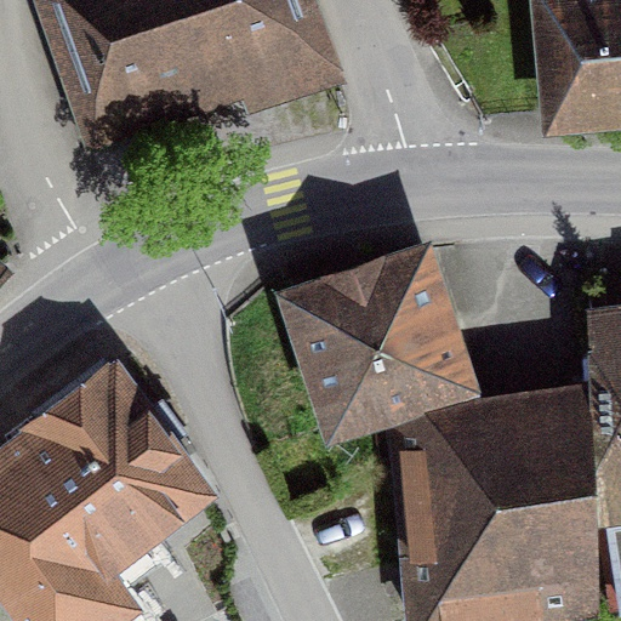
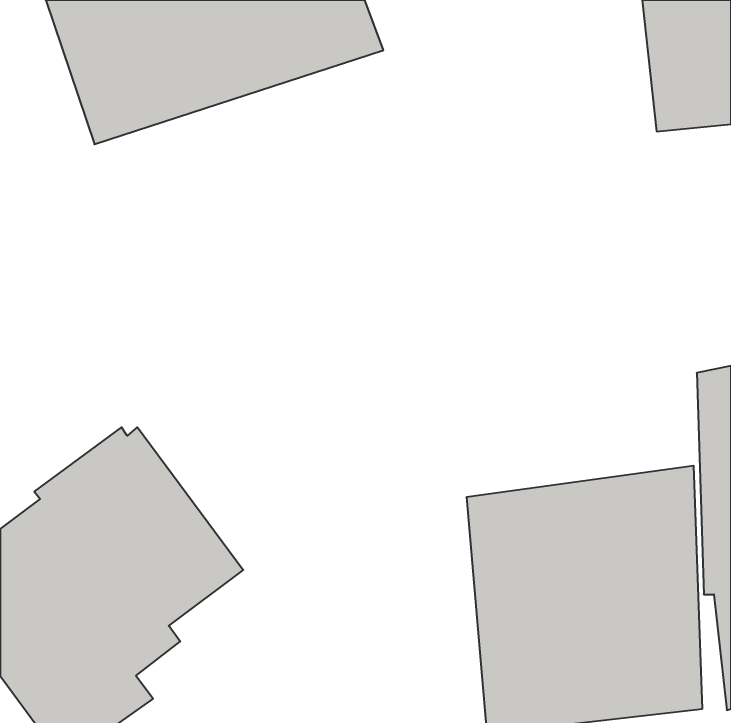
building: [290,253,465,427] -> none

